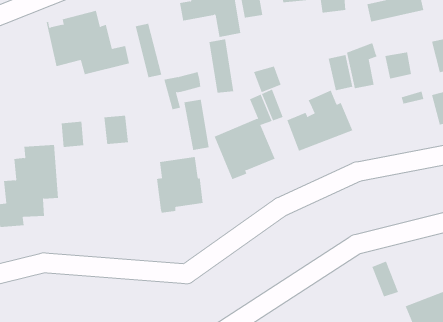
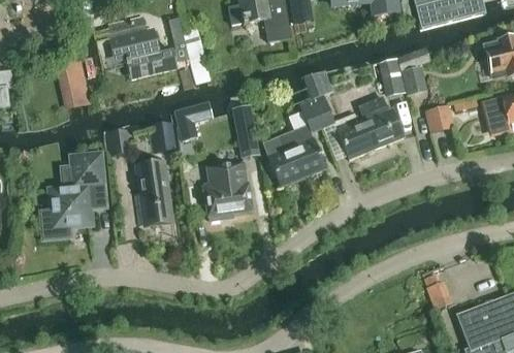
building: [209,39,234,94] -> none
building: [384,52,412,79] -> [425,105,453,133]
building: none -> [56,59,92,108]
building: [164,72,201,110] -> [174,101,213,140]
building: none -> [134,165,172,224]

